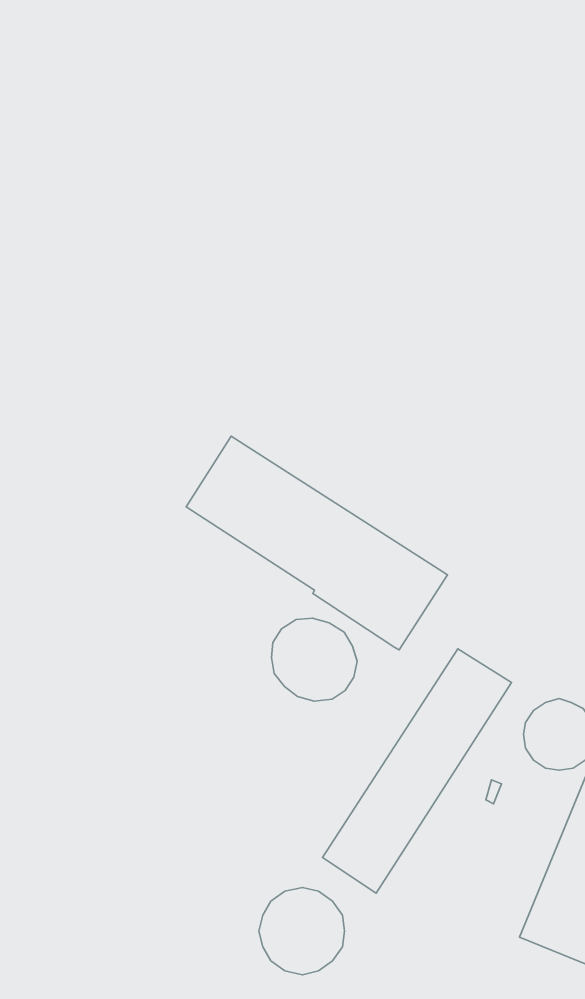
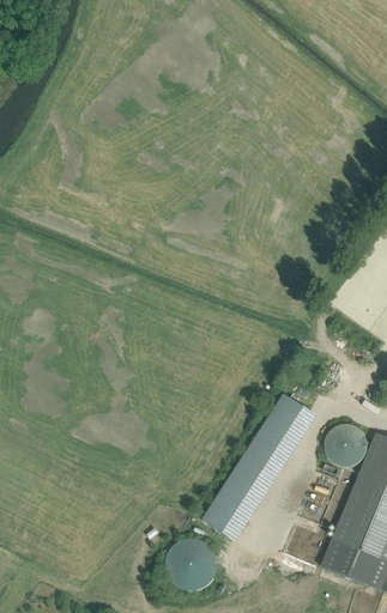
building: [186,436,448,650] -> none
building: [271,618,357,701] -> none

